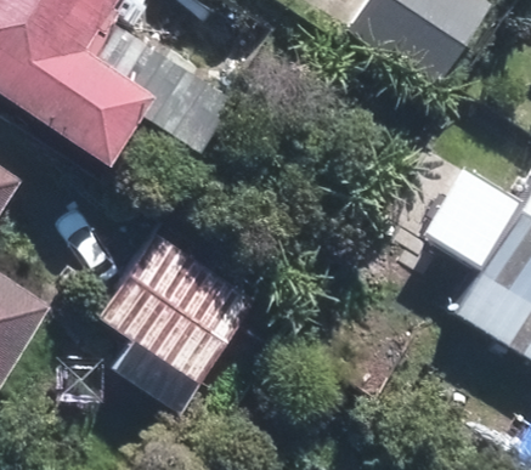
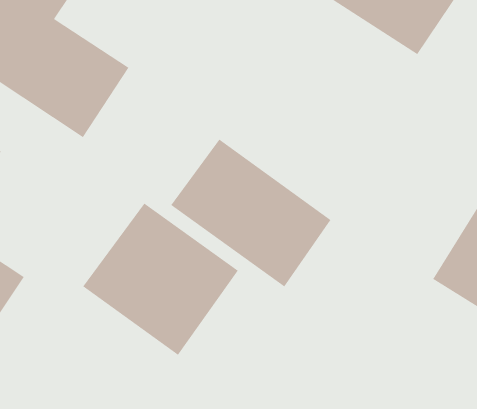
building: none -> [170,138,331,288]

